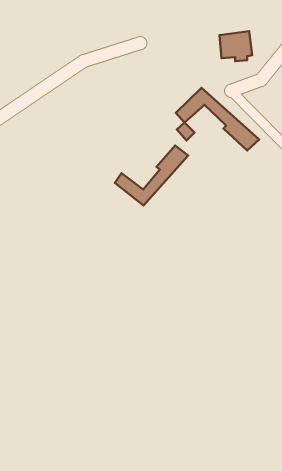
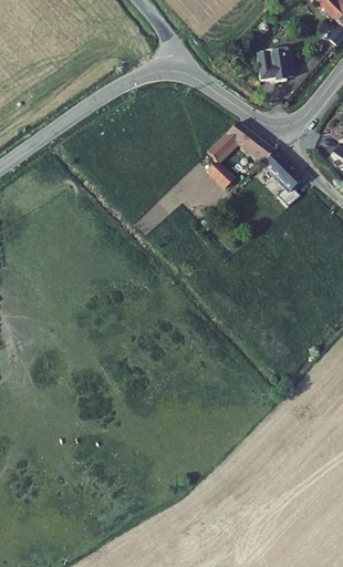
building: [115,146,188,205] -> none

